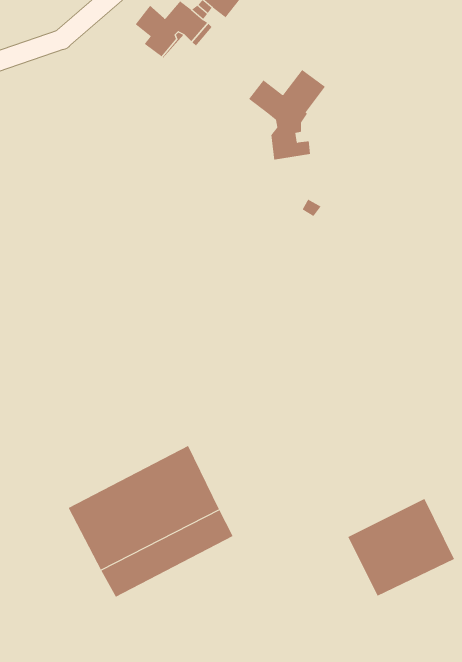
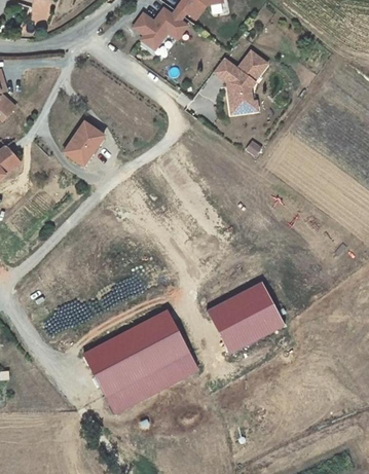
building: none -> [64,121,104,166]
building: [347,498,455,597] -> [207,282,281,350]

